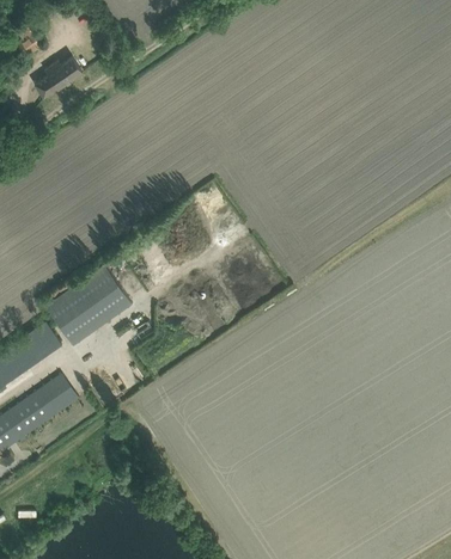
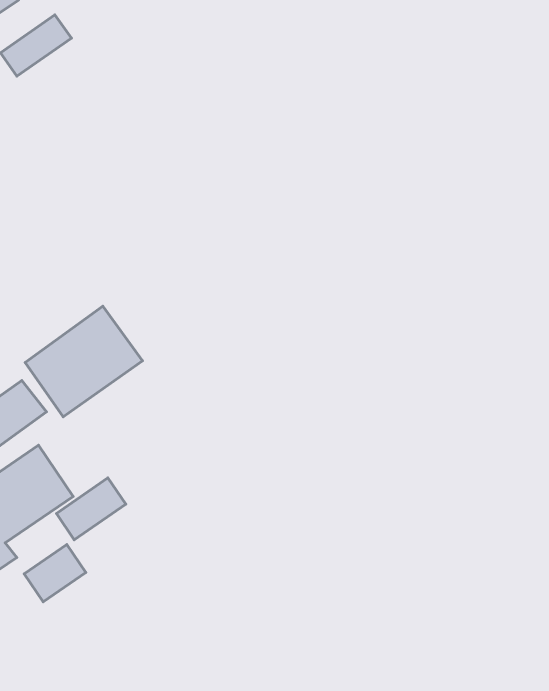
building: none -> [56,478,126,540]
building: none -> [24,545,86,602]

